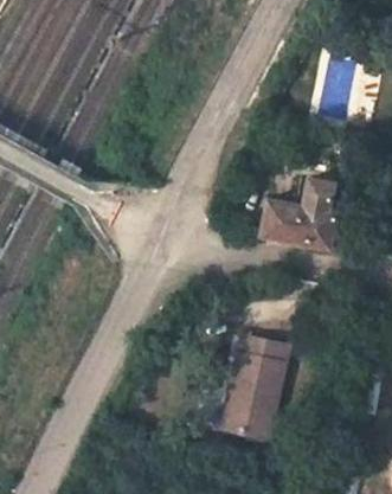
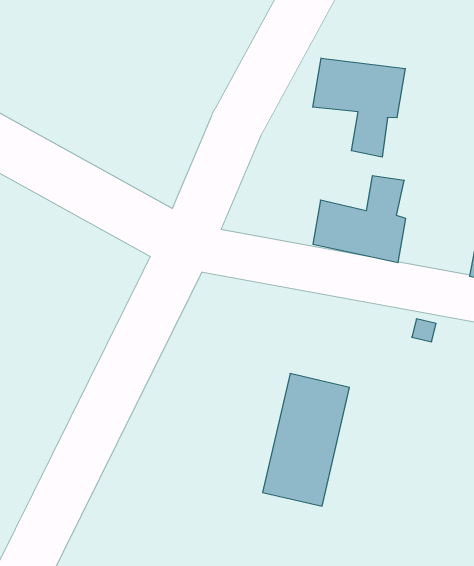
building: none -> [313,58,405,157]

